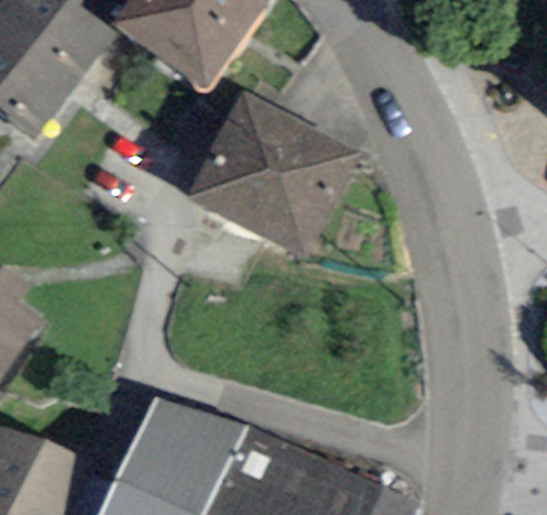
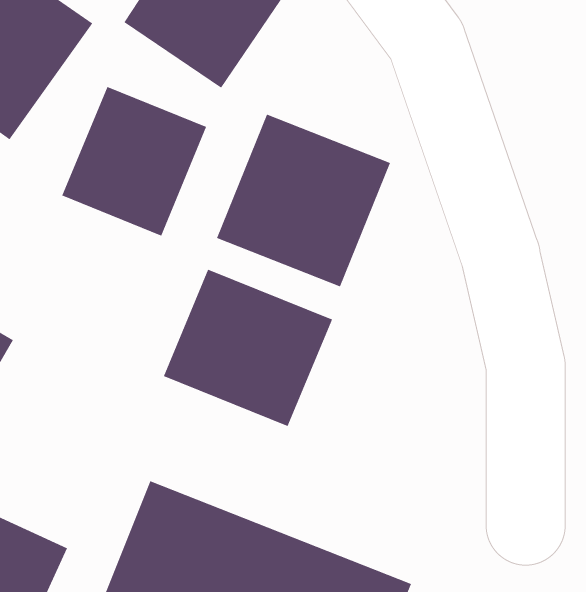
building: none -> [62,86,207,236]
building: none -> [163,269,333,427]

